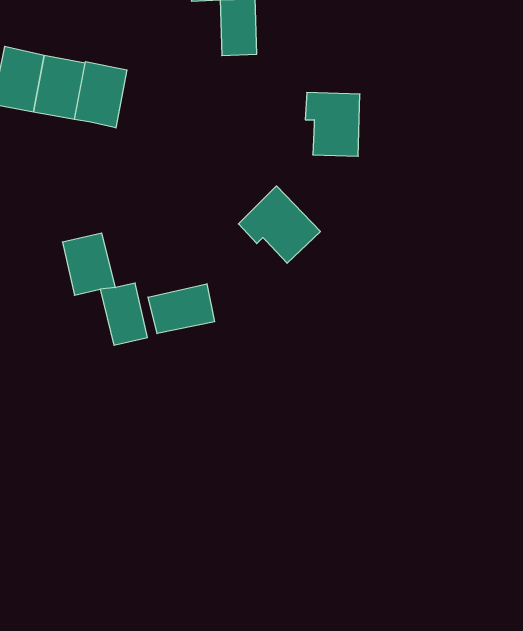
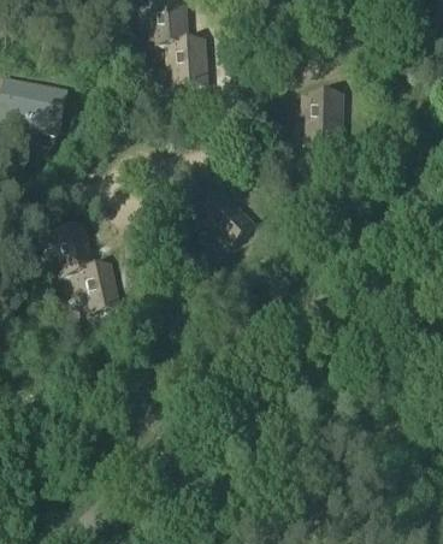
building: [74,62,127,128] -> none
building: [305,93,360,156] -> [301,90,344,141]
building: [148,284,214,334] -> none

